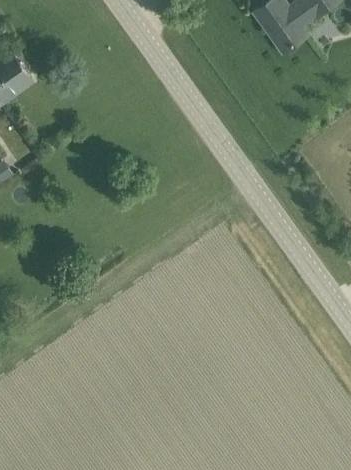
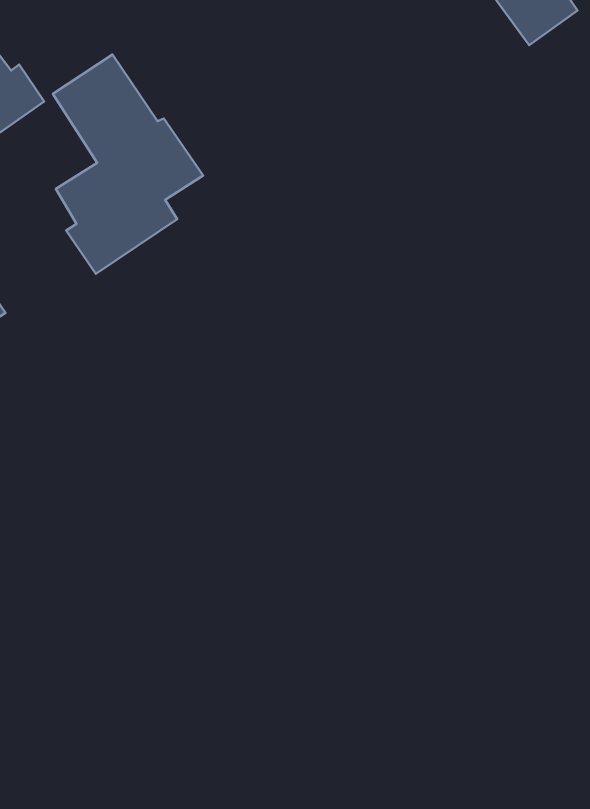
building: none -> [53,54,203,274]

